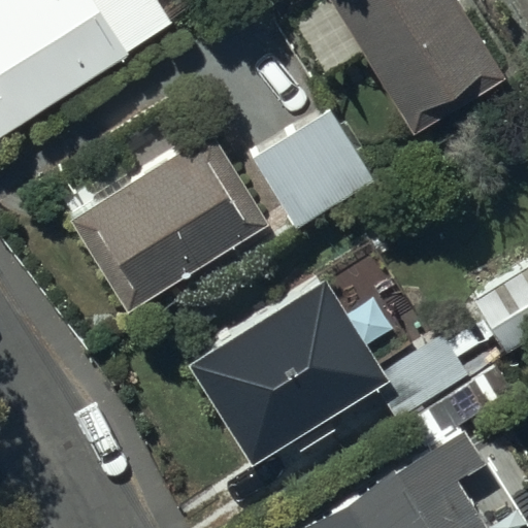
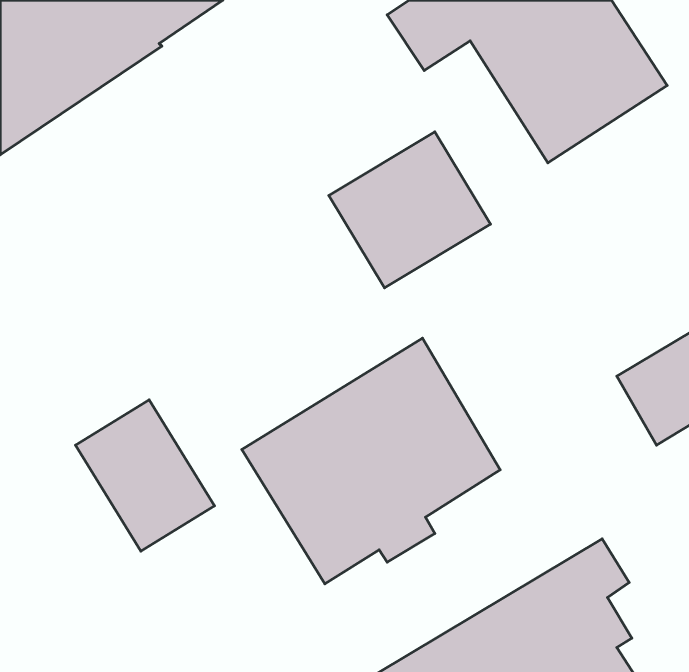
building: [66,130,268,312] -> none
building: none -> [75,400,215,551]

